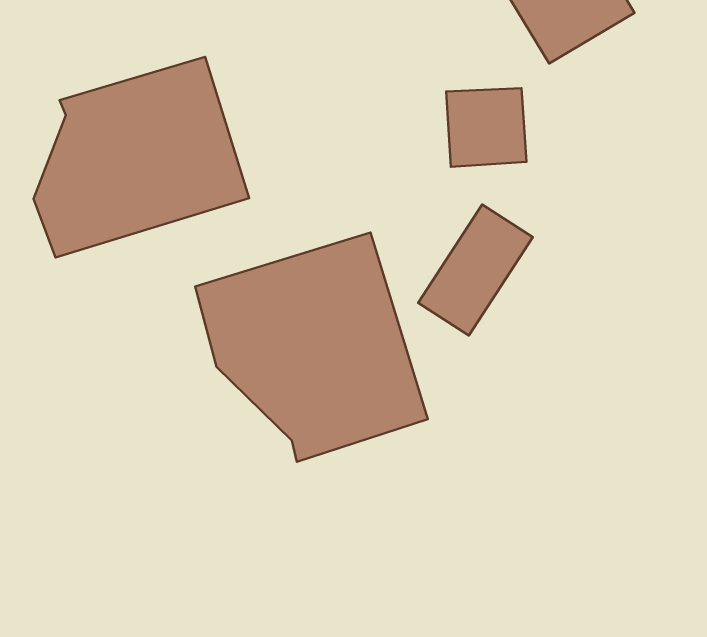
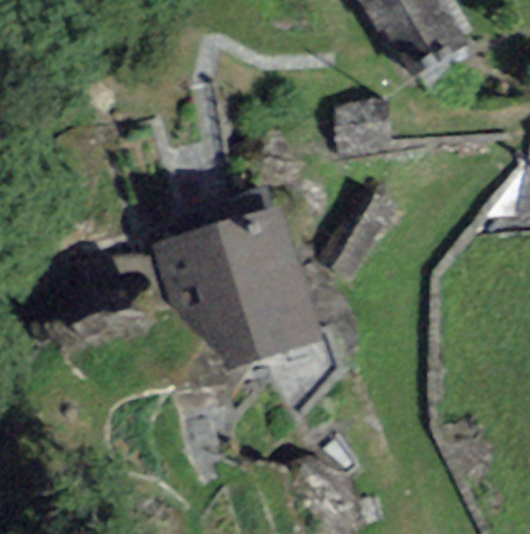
building: [34,57,249,258] -> none

